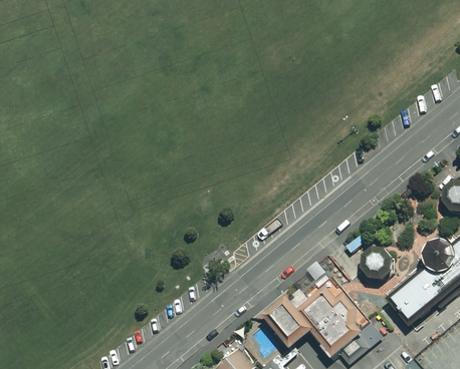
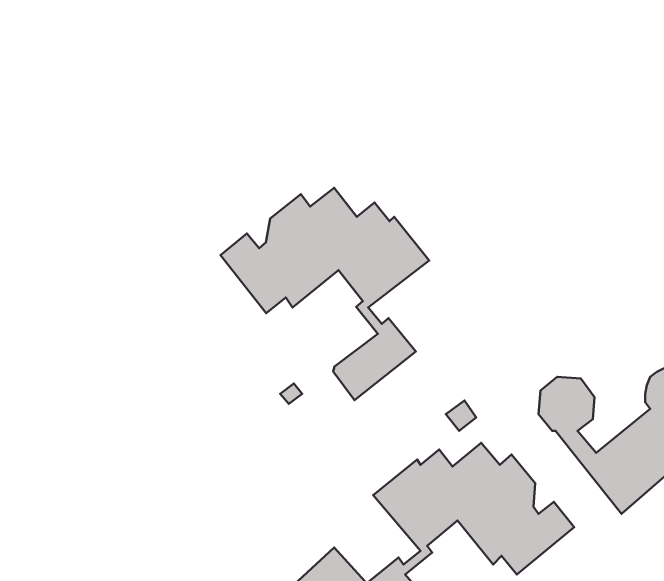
building: none -> [220,188,429,400]

